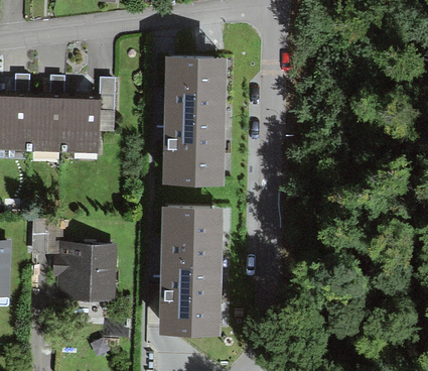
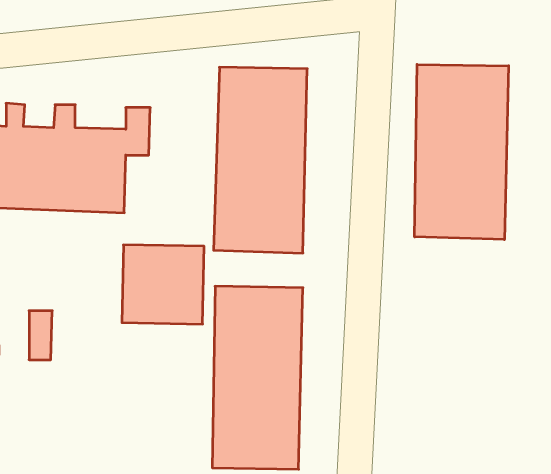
building: none -> [415,64,509,240]
building: [59,247,117,302] -> [122,245,204,324]

